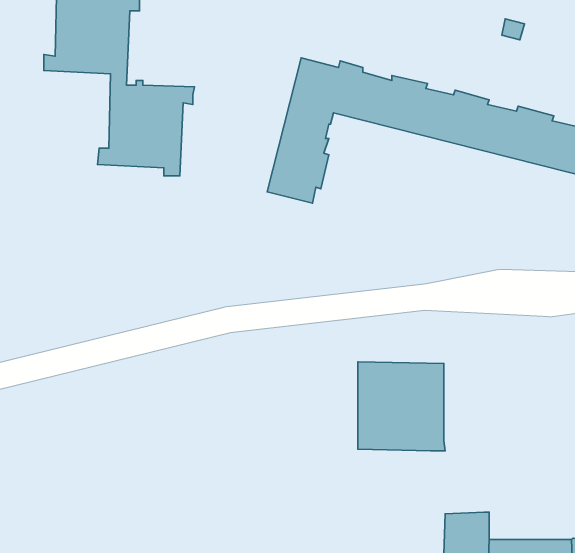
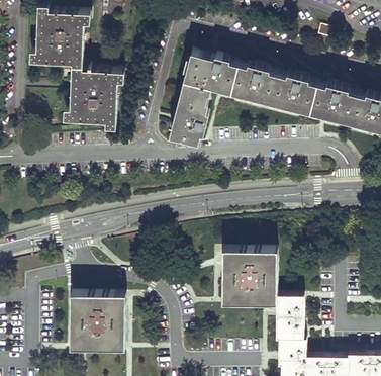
building: none -> [71,289,127,345]
building: none -> [275,294,304,340]

